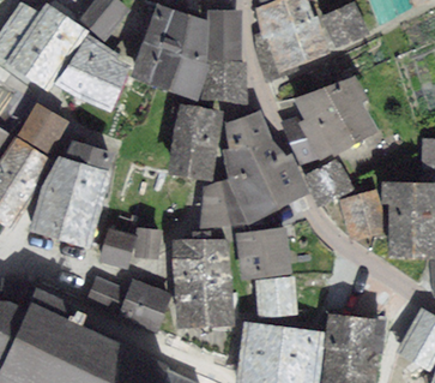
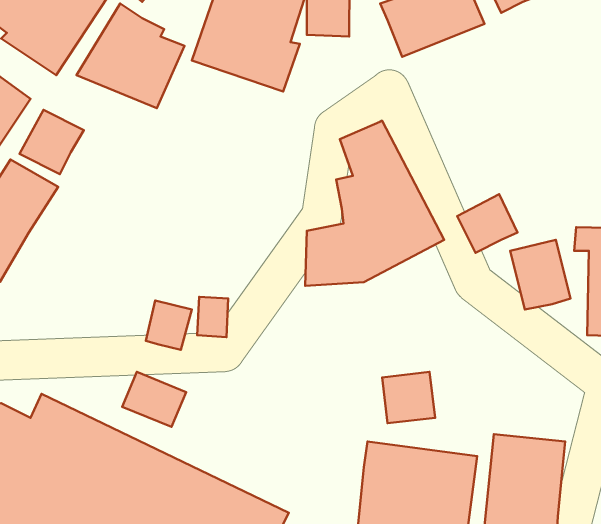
building: [207,62,241,97] -> none
building: [284,73,370,162] -> none
building: [170,107,218,176] -> none
building: [38,148,107,241] -> none
building: [238,229,288,276] -> none
building: [175,240,229,324] -> none
building: [120,282,167,328] -> none

